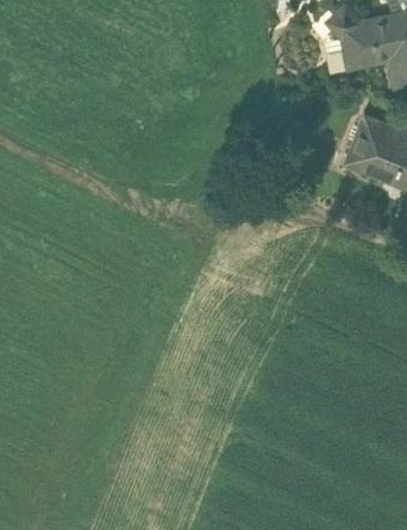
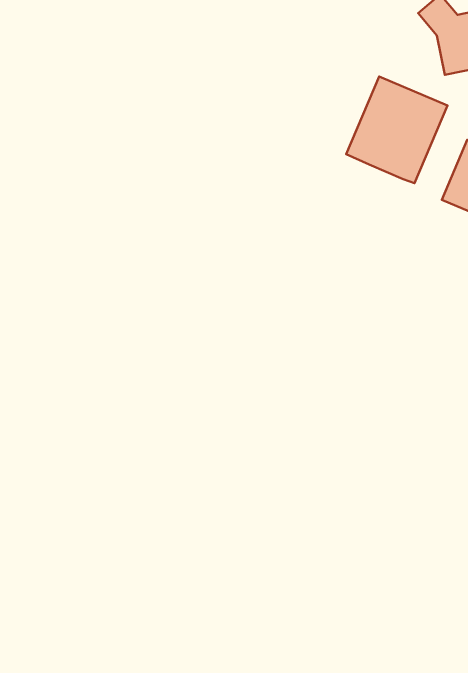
building: none -> [346,76,447,183]

